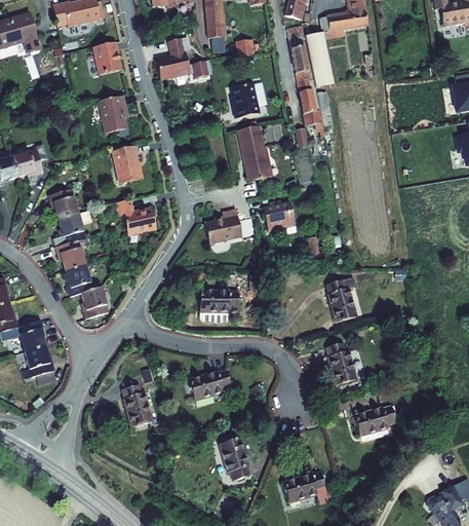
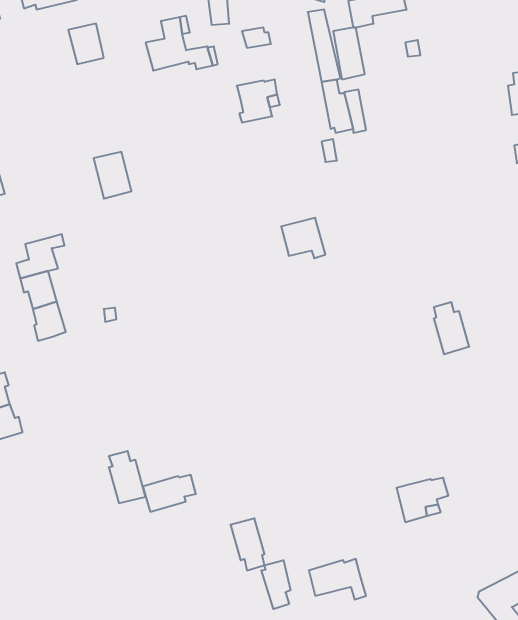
building: [99,93,128,132] -> none
building: [239,122,275,177] -> none
building: [46,187,77,219] -> none
building: [116,198,156,235] -> none
building: [208,204,247,240] -> none
building: [329,283,358,325] -> [434,302,469,354]
building: [79,288,107,318] -> none
building: [199,289,240,311] -> none
building: [327,343,357,386] -> none
building: [194,373,237,403] -> [143,475,196,512]
building: none -> [261,560,290,609]

